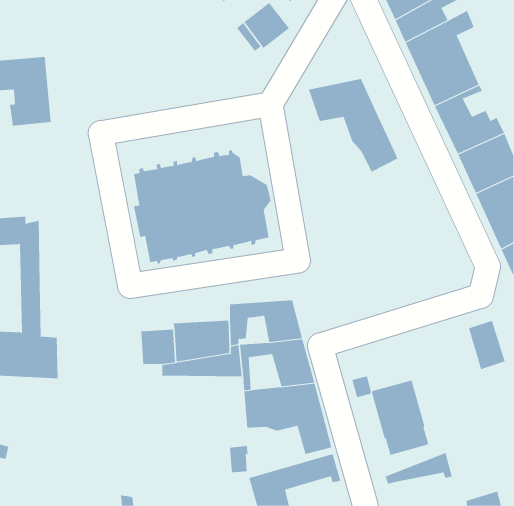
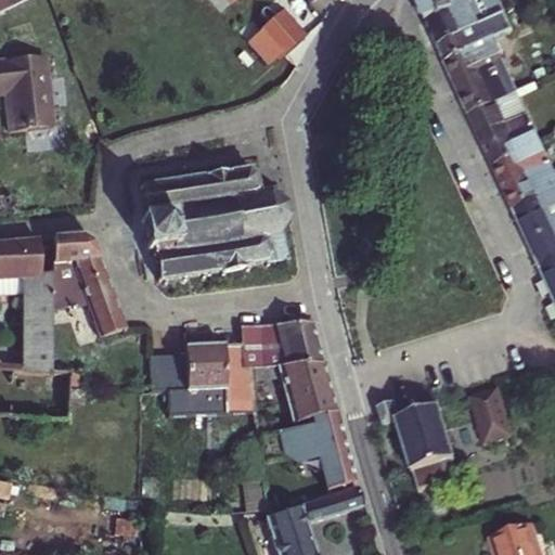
building: [308,78,398,173] -> none
building: none -> [42,227,116,328]
building: [468,320,506,370] -> [473,389,513,442]
building: [385,452,453,484] -> none

